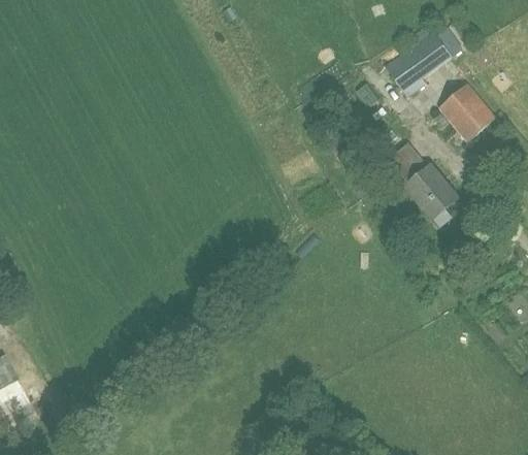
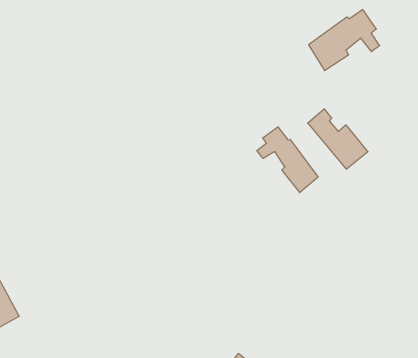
building: [436,83,493,140] -> none
building: none -> [257,127,318,193]

